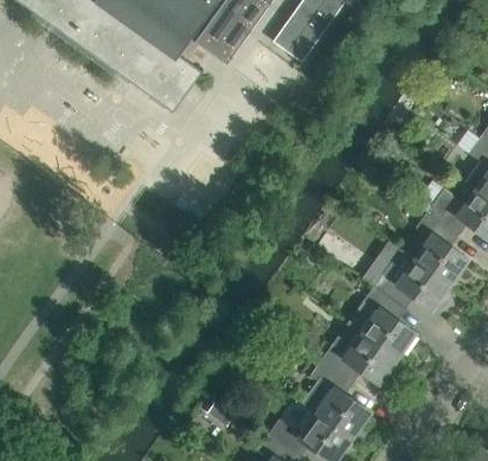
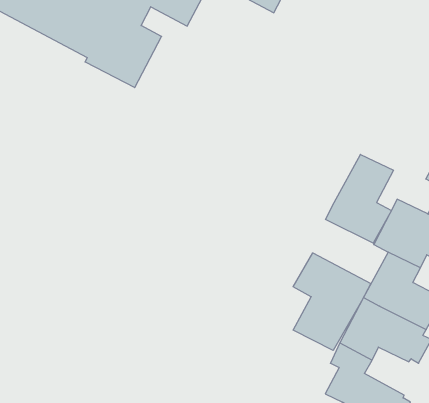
building: none -> [326,154,393,243]
building: none -> [293,253,371,350]

